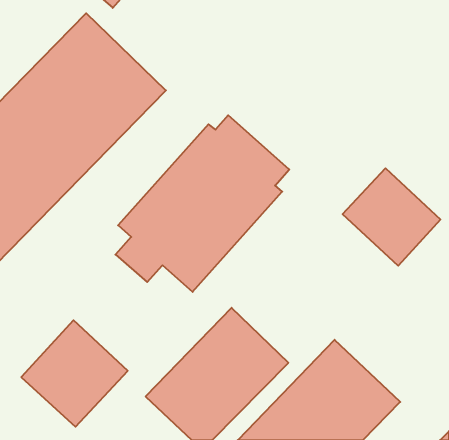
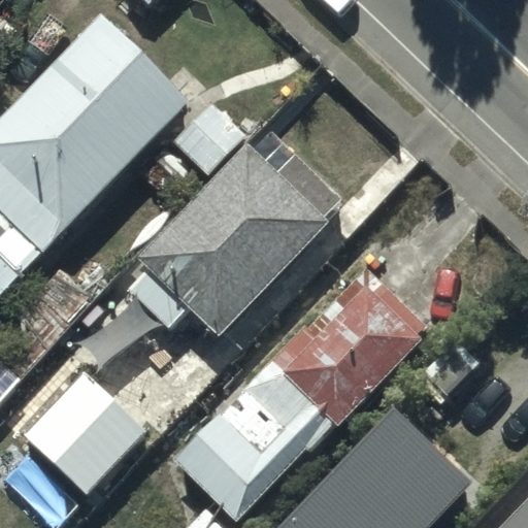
building: [343,168,440,266] -> none
building: none -> [269,277,423,422]

